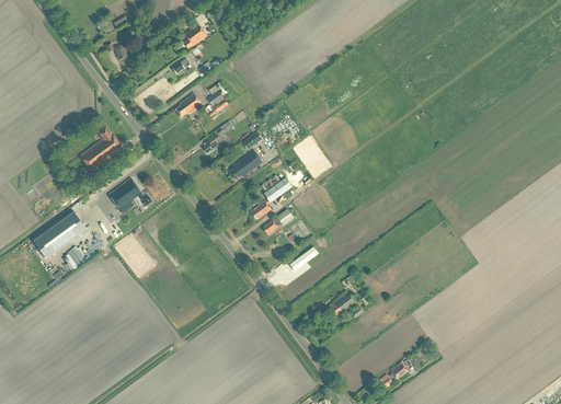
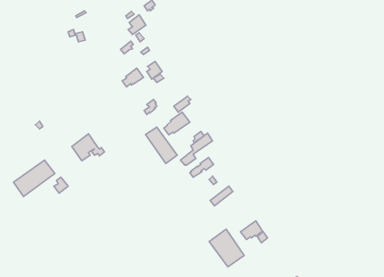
building: [80,125,123,170] -> none
building: none -> [146,127,177,164]
building: none -> [209,229,244,267]

